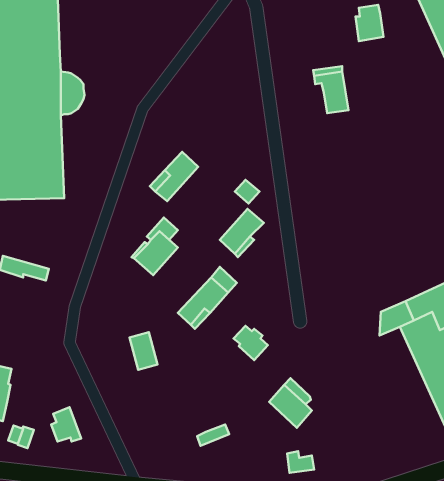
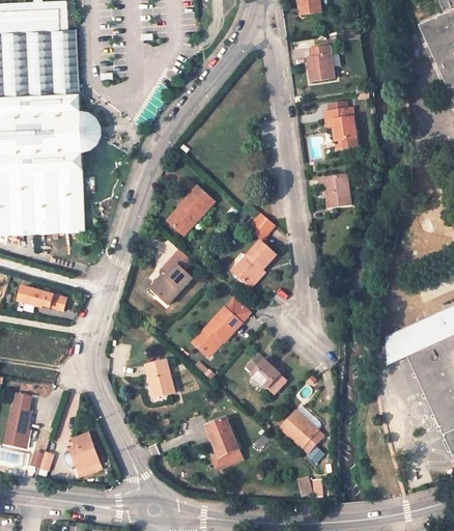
building: [355,5,383,41] -> [307,46,334,81]
building: none -> [318,174,350,206]
building: none -> [207,417,238,456]

